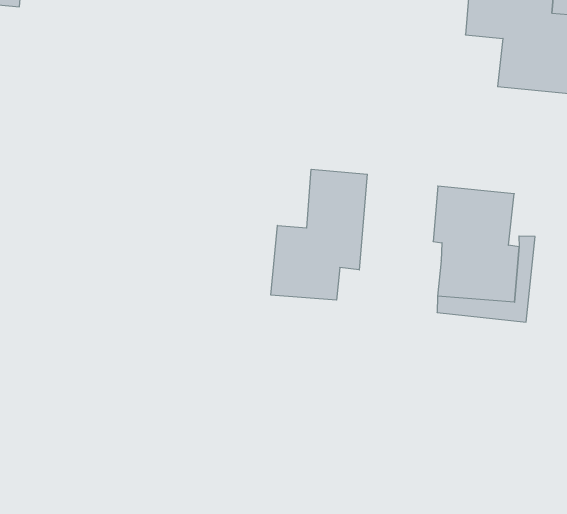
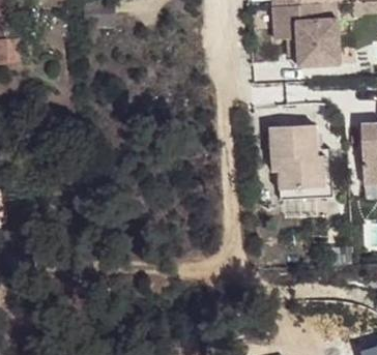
building: [271,169,367,300] -> none

